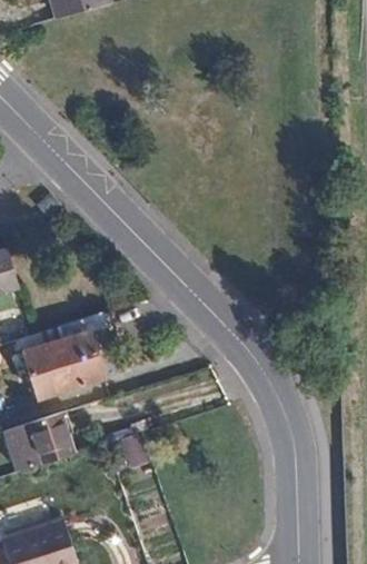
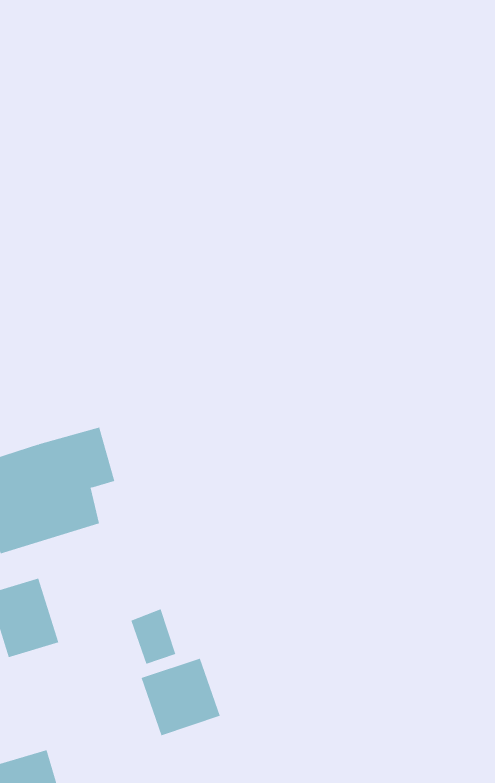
building: none -> [141,658,221,736]

